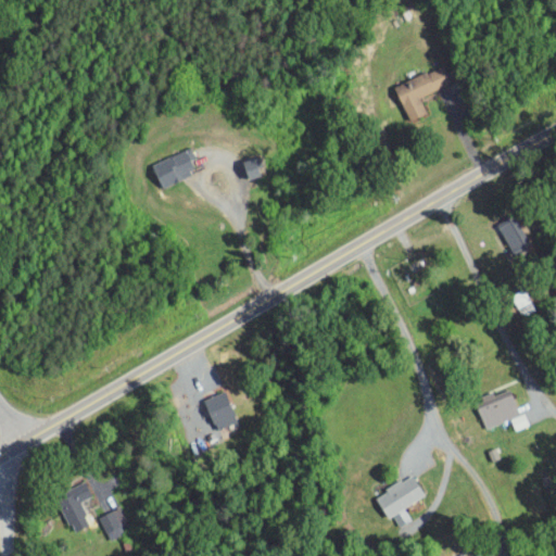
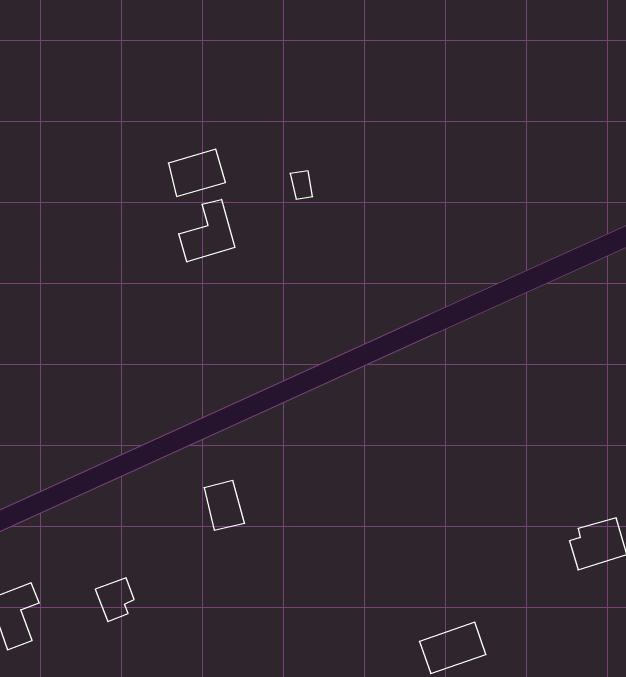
building: [395,66,451,122] -> none
building: none -> [179,199,235,262]
building: [99,507,128,541] -> [95,578,134,622]

